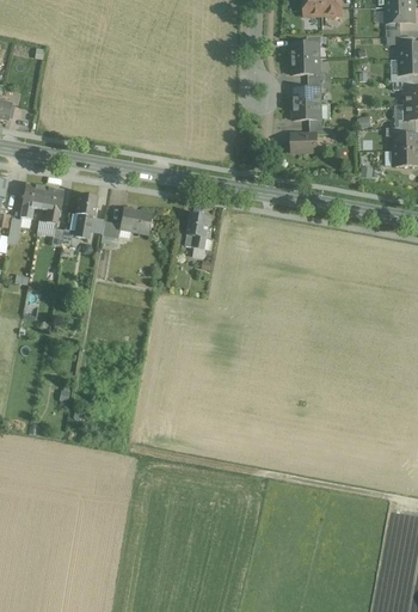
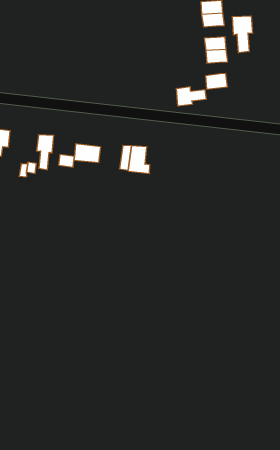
building: none -> [232,16,253,53]
building: none -> [176,87,206,106]
building: [41,188,63,224] -> none

